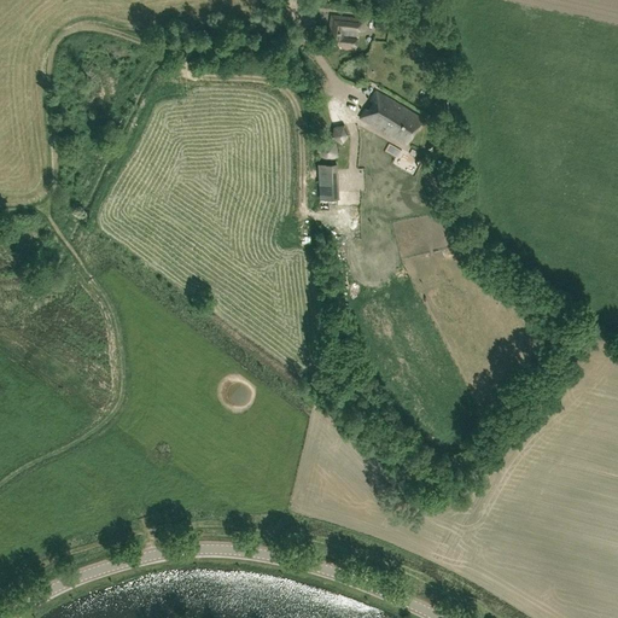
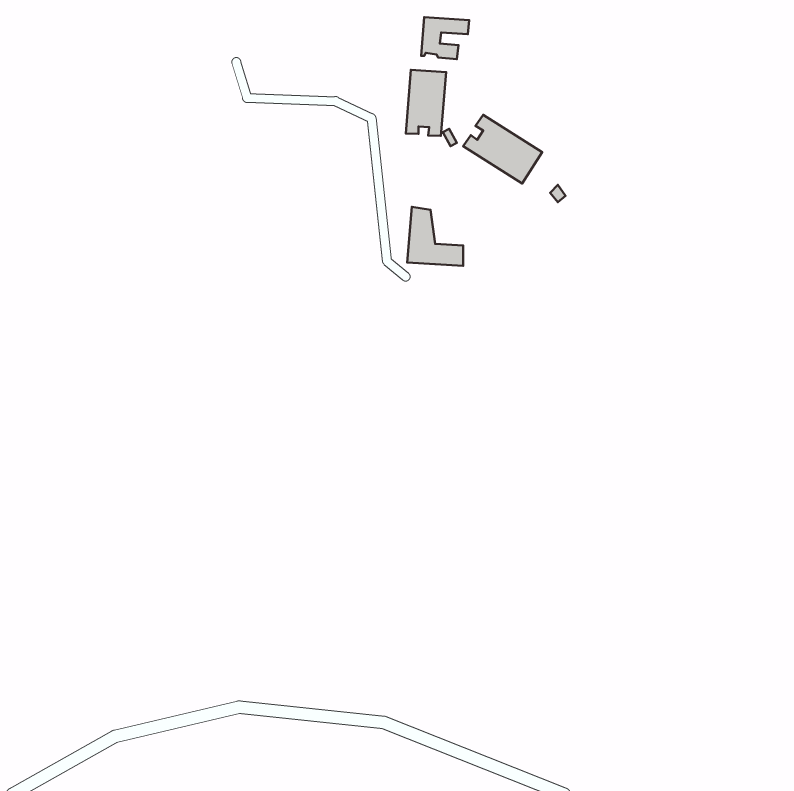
building: none -> [406,70,446,136]

